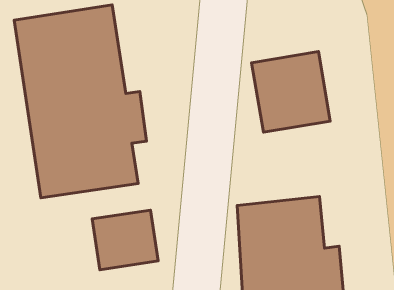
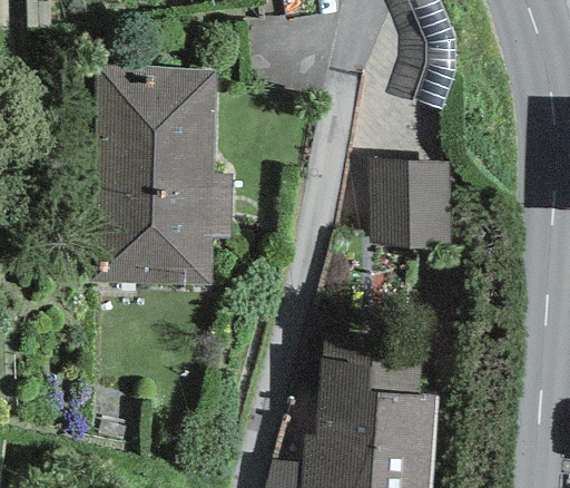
building: [92,210,158,270] -> none

